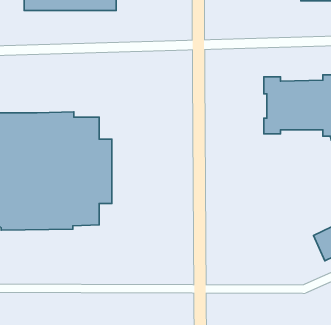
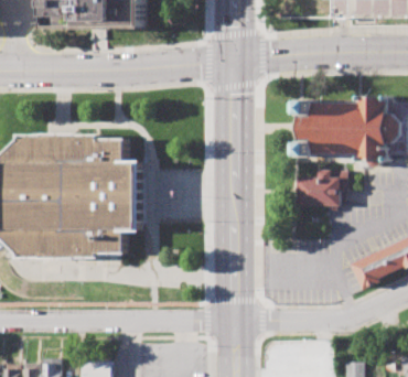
building: none -> [299,171,347,211]

